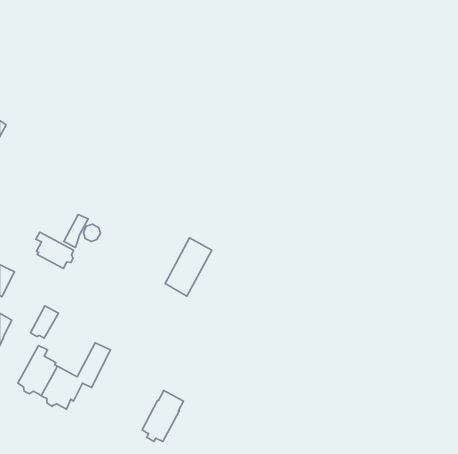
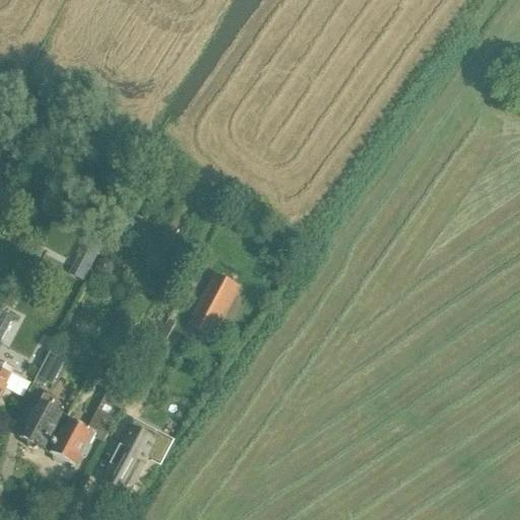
building: [36,232,74,268] -> none
building: [142,391,184,442] -> [103,433,149,491]

